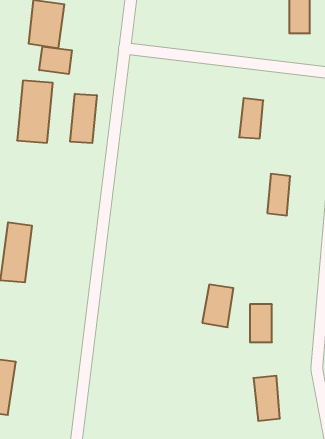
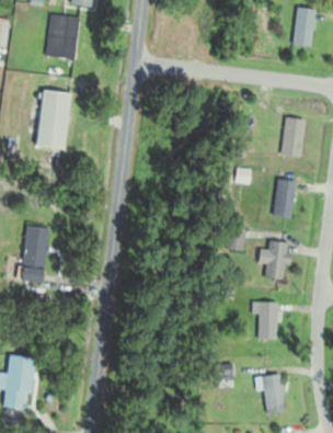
building: [39,46,72,74] -> none
building: [70,94,97,143] -> none
building: [239,98,263,138] -> [282,117,305,156]
building: [202,285,233,327] -> [262,240,291,281]

